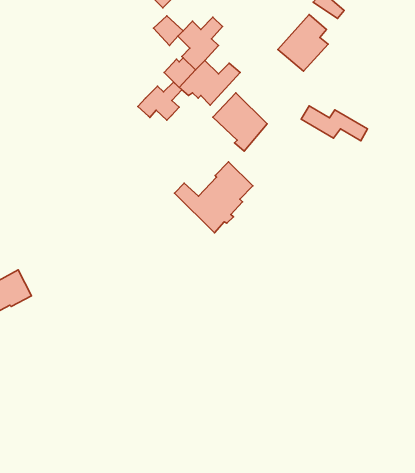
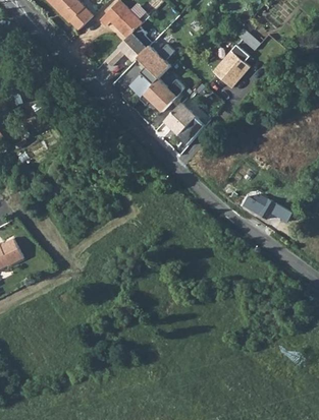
building: [138,82,182,120] -> none
building: [301,106,367,141] -> [244,195,294,222]
building: [175,162,253,233] -> none

